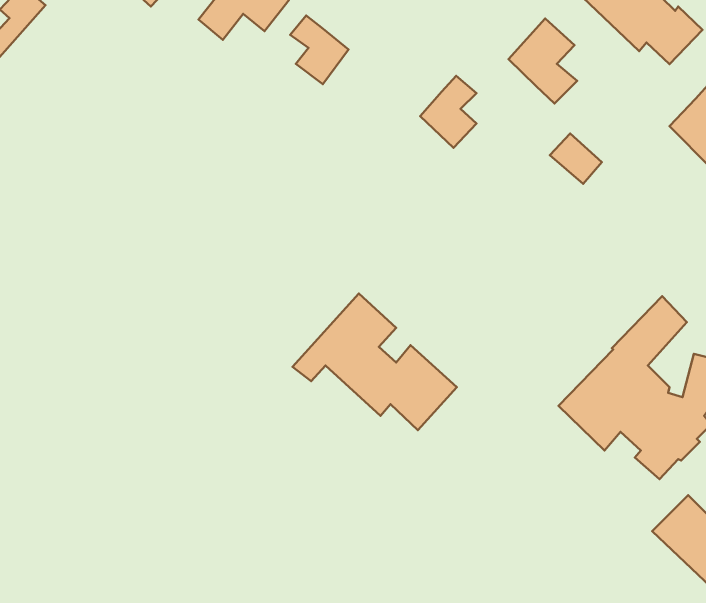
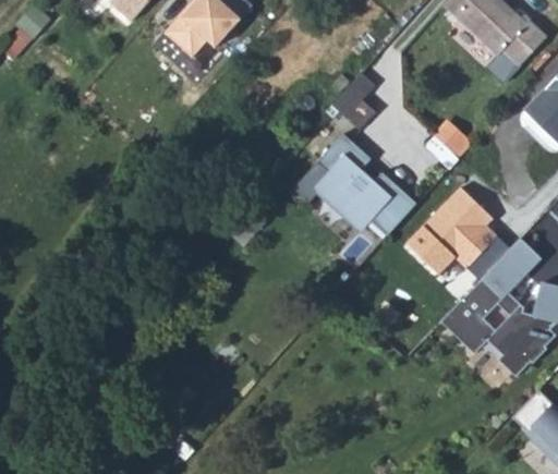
building: [290,15,349,84] -> none
building: [509,18,577,103] -> none
building: none -> [415,189,507,274]
building: [292,293,457,430] -> [296,133,421,236]

